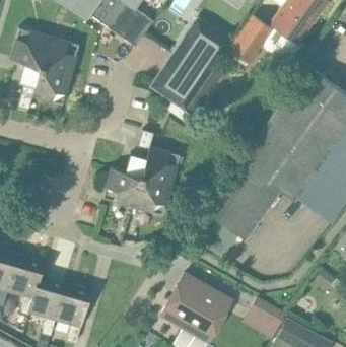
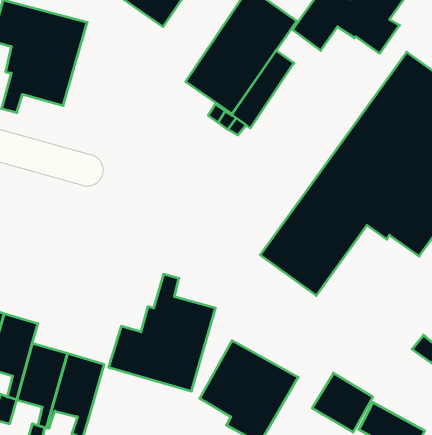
building: [103,131,181,215] -> [109,274,215,391]

